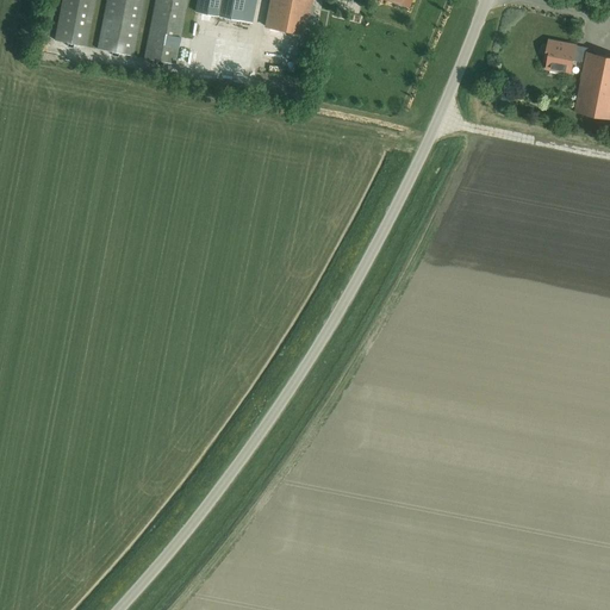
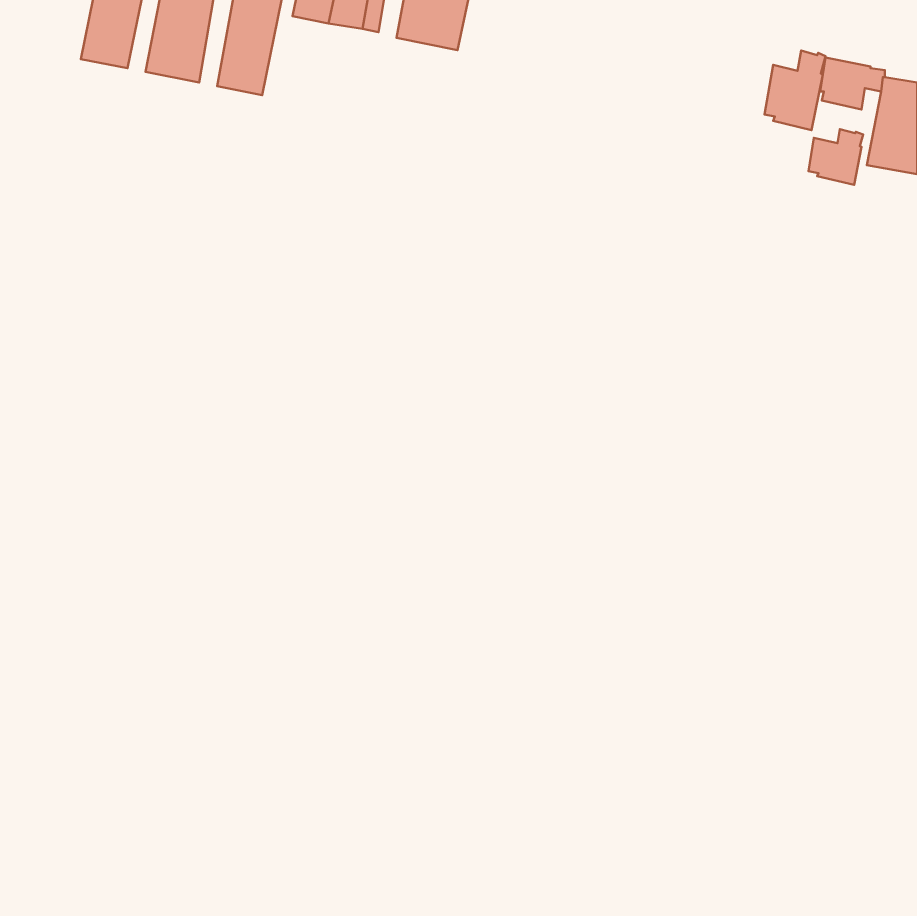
building: none -> [764,50,826,130]
building: none -> [808,129,863,185]

